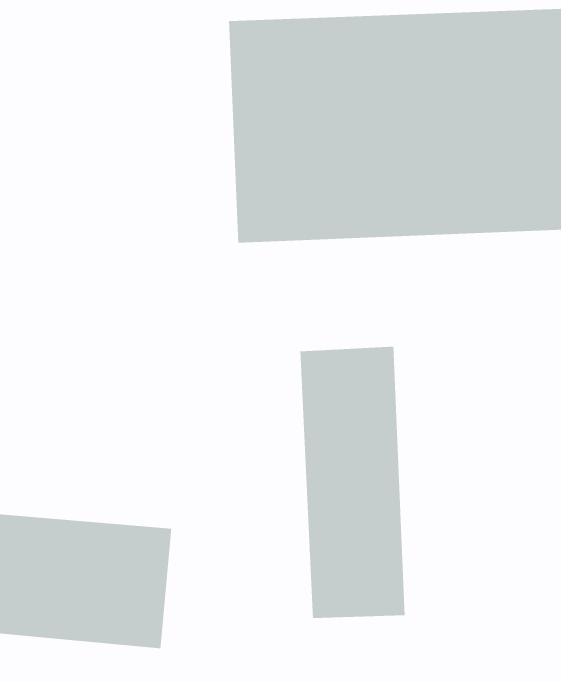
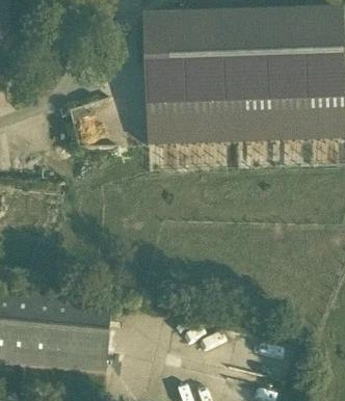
building: [300,346,405,619] -> none

